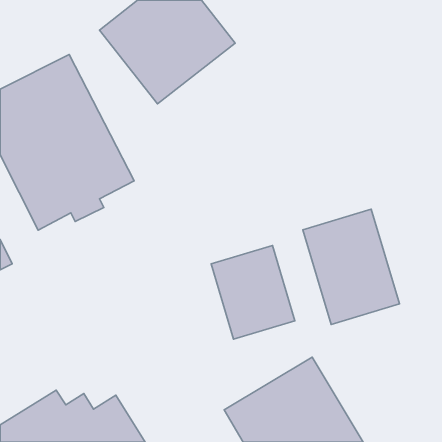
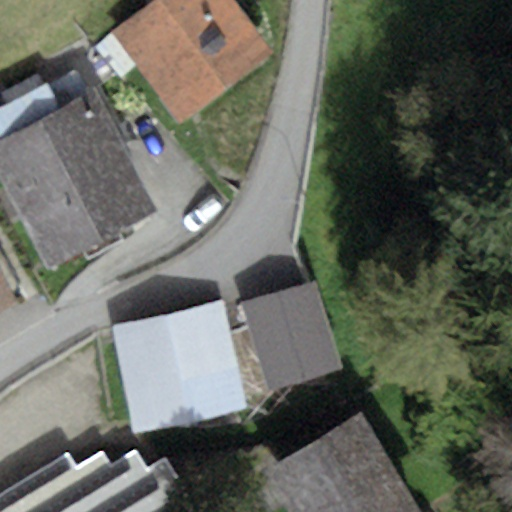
building: [303,209,400,324] -> none
building: none -> [111,307,243,432]

